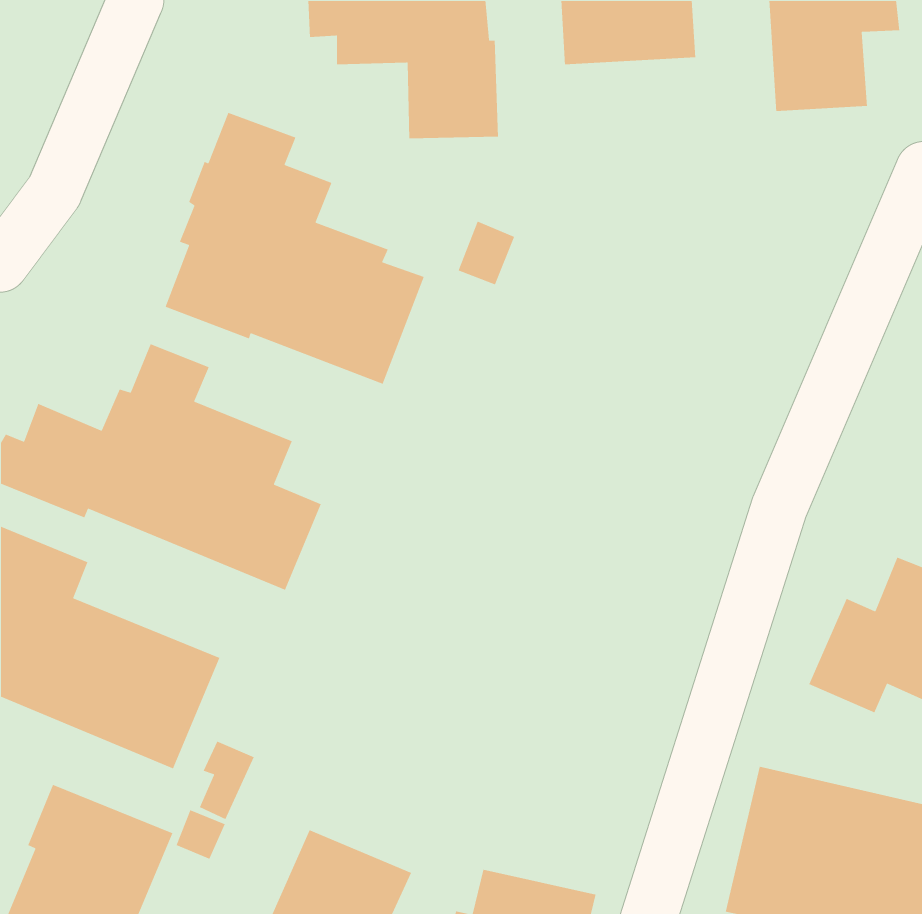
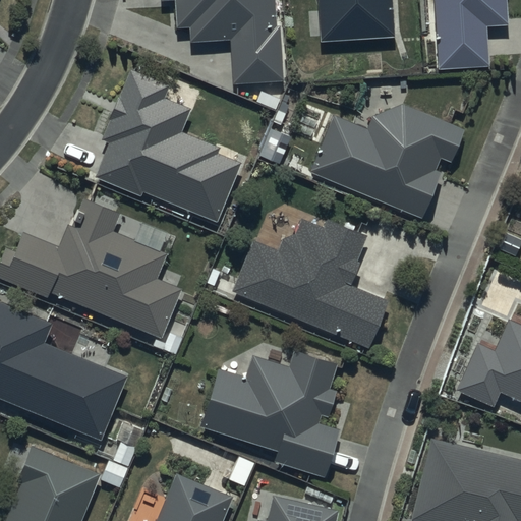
building: none -> [309,103,464,218]
building: none -> [233,218,388,346]
building: none -> [198,350,338,477]

